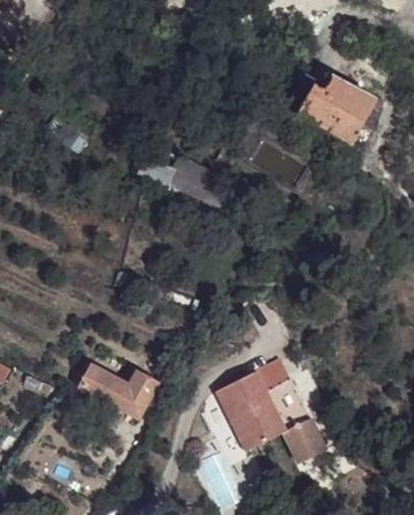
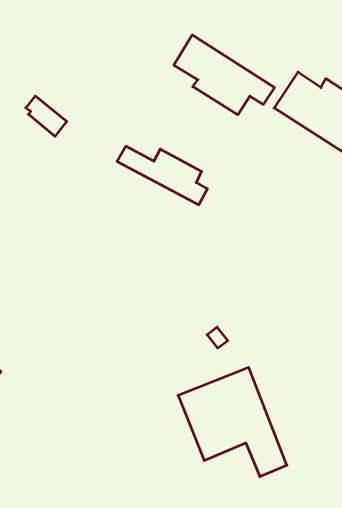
building: none -> [174,35,274,115]
building: [78,365,156,418] -> none

